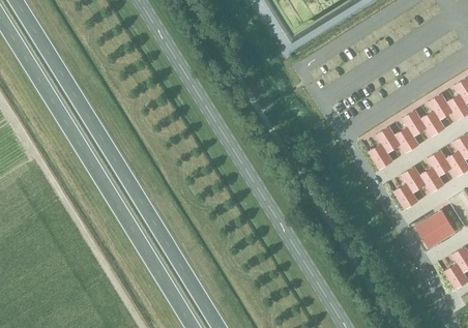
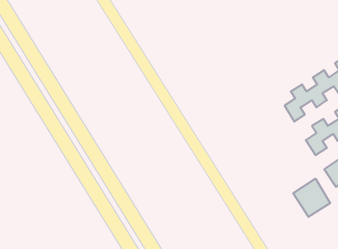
building: none -> [293,179,330,217]

